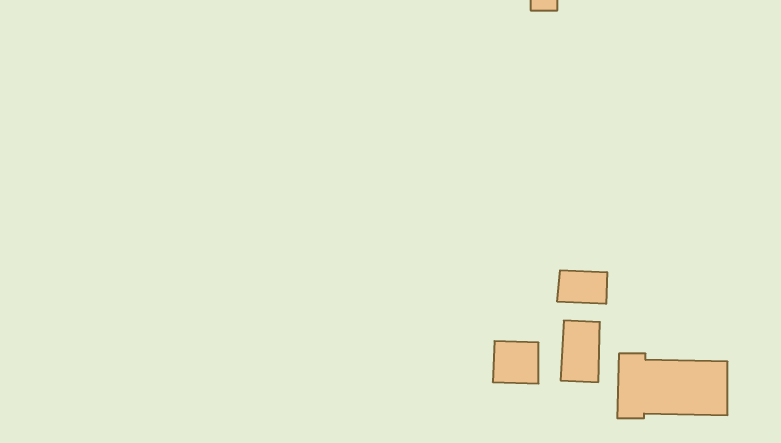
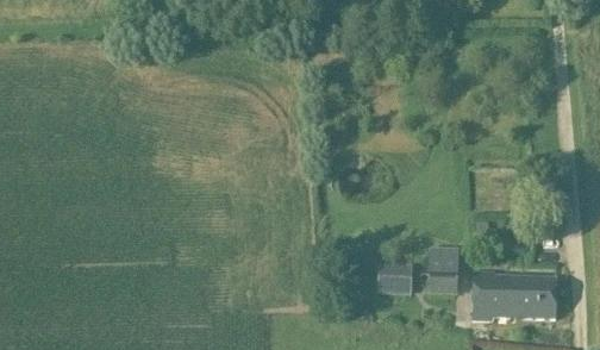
building: [557,270,607,304] -> none

